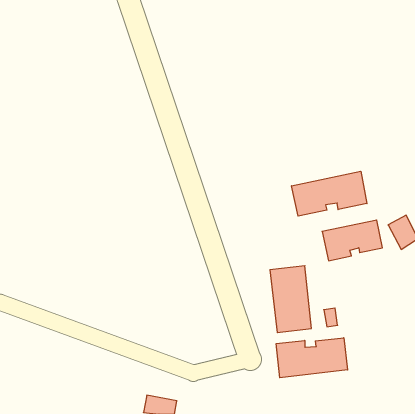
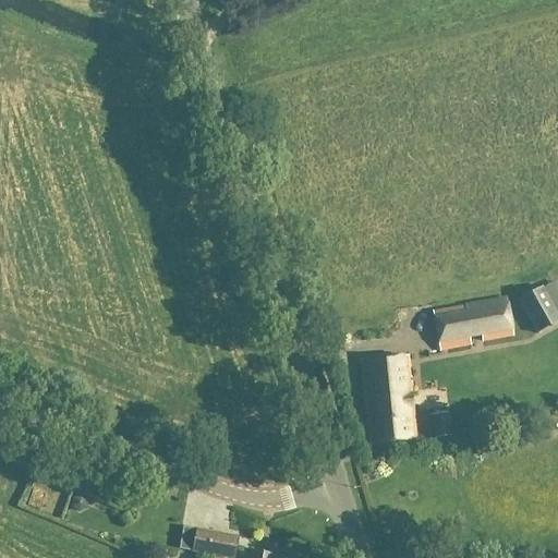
building: [292,171,367,216] -> none
building: [276,338,348,378] -> none

